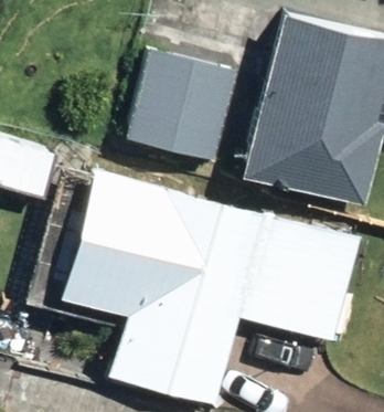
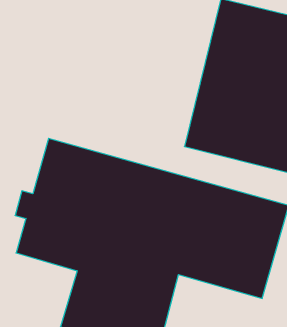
building: [124,52,235,159] -> none

